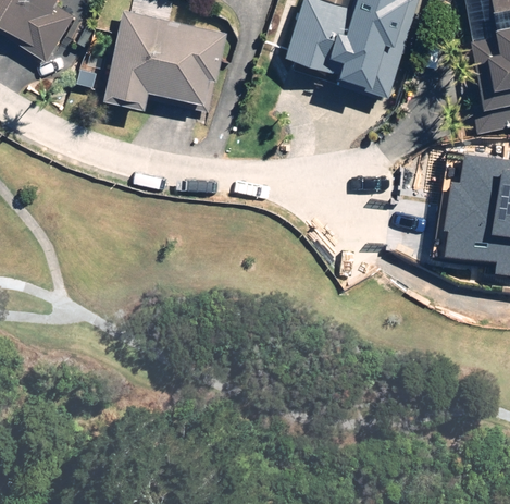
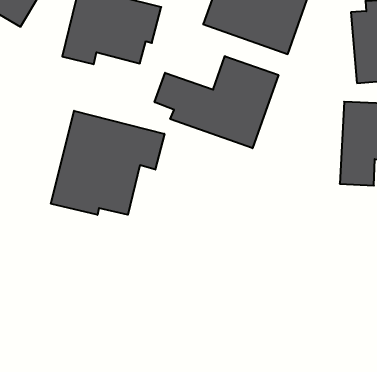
building: none -> [155,56,278,148]
building: none -> [51,111,164,215]

